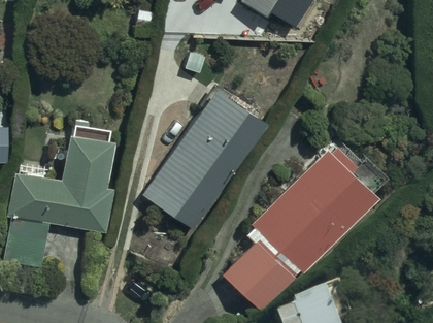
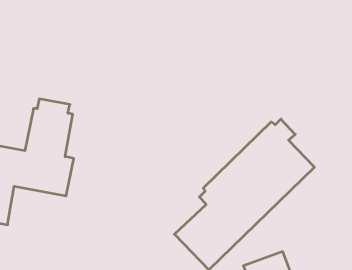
building: [141,92,266,230] -> none

